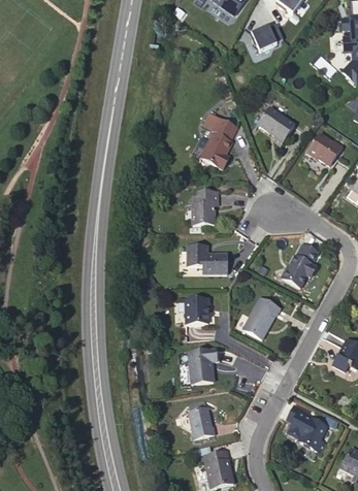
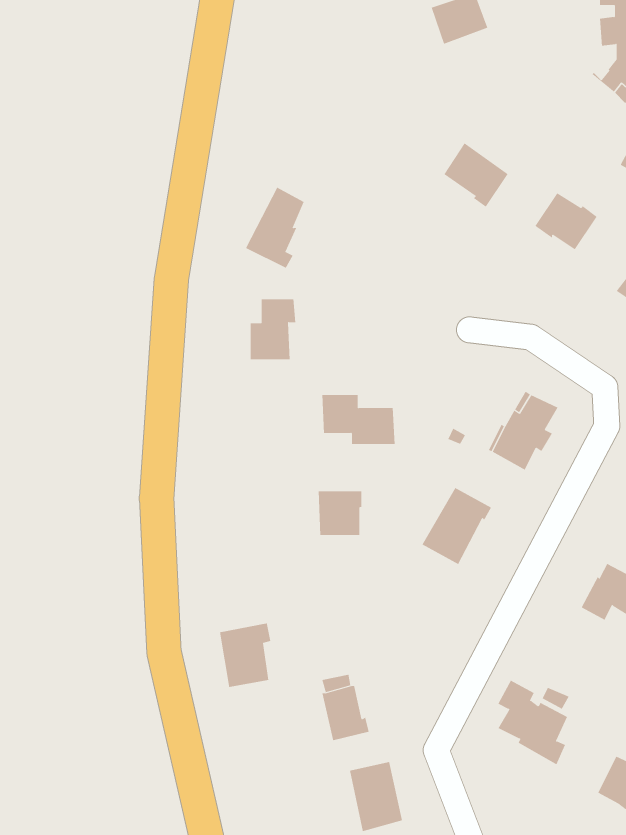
building: [200,121,233,166] -> [245,187,305,268]
building: [190,190,216,224] -> [250,299,296,360]
building: [188,350,217,386] -> [219,623,271,688]

